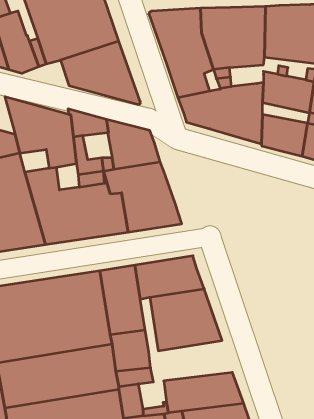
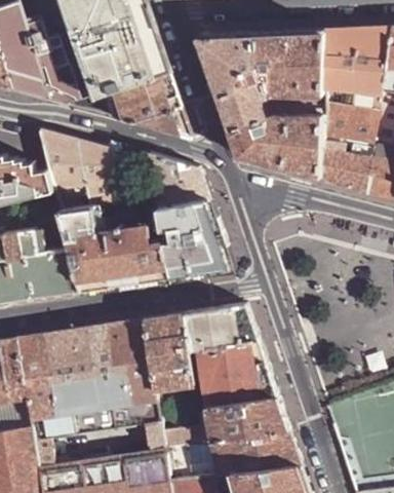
building: none -> [205,396,286,441]

